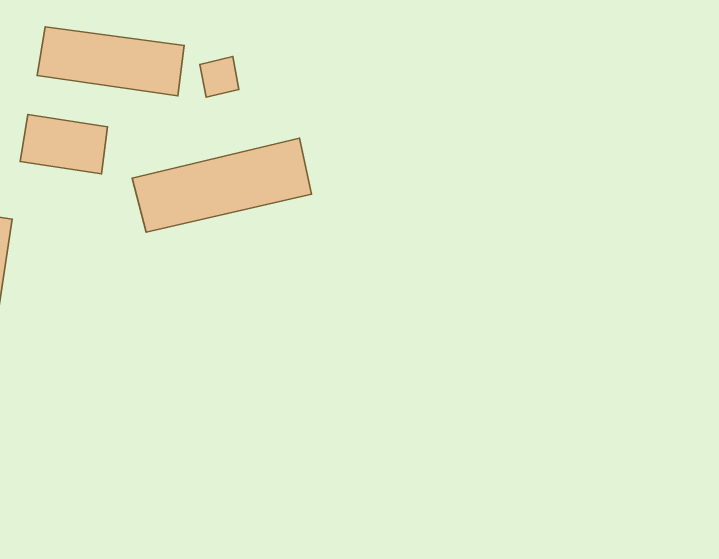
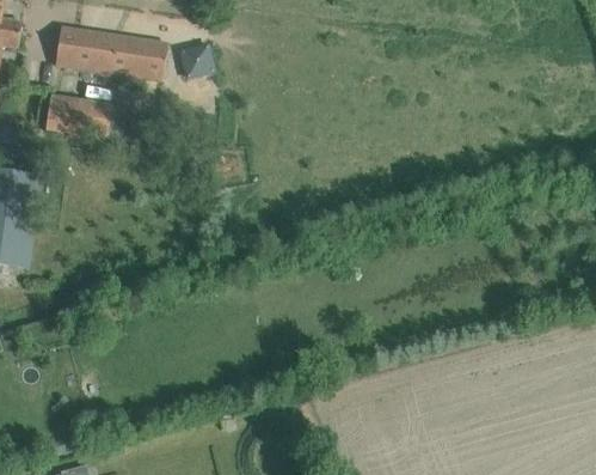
building: [132,138,312,232] -> none

